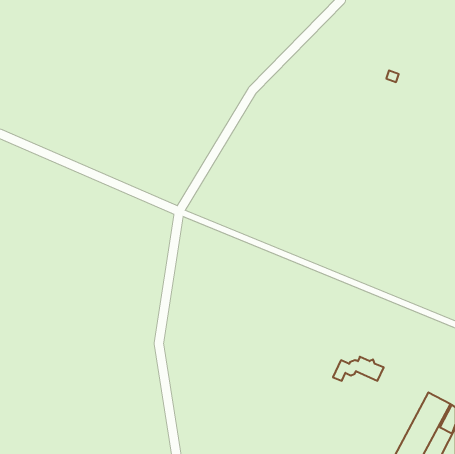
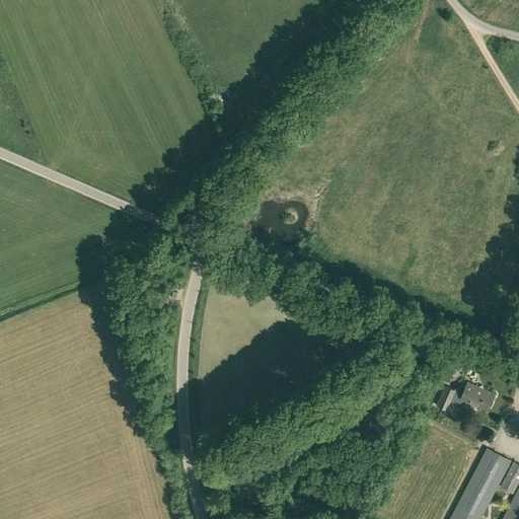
building: [333,357,384,381] -> [438,383,496,411]

